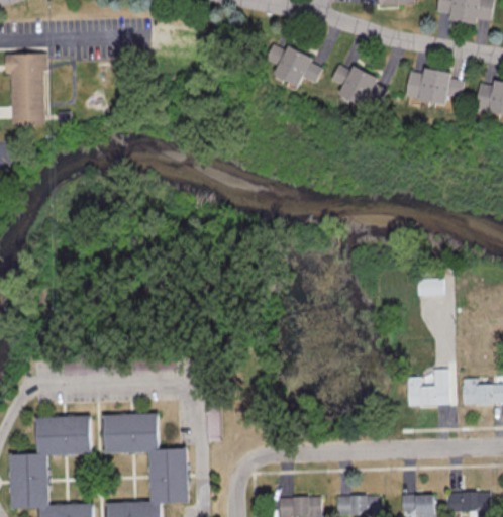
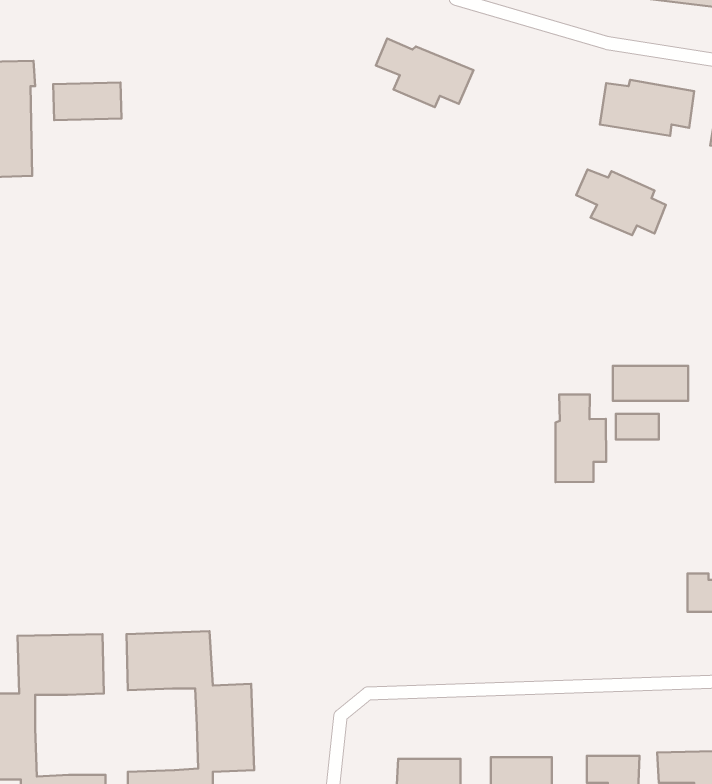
building: [331,64,388,105] -> [576,170,666,235]
building: none -> [53,82,122,120]
building: none -> [613,366,688,401]
building: none -> [555,394,606,482]
building: [405,370,448,406] -> none

